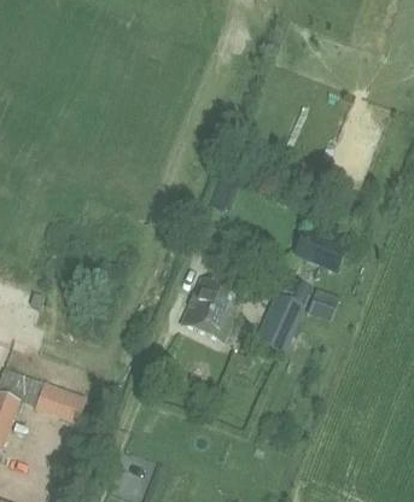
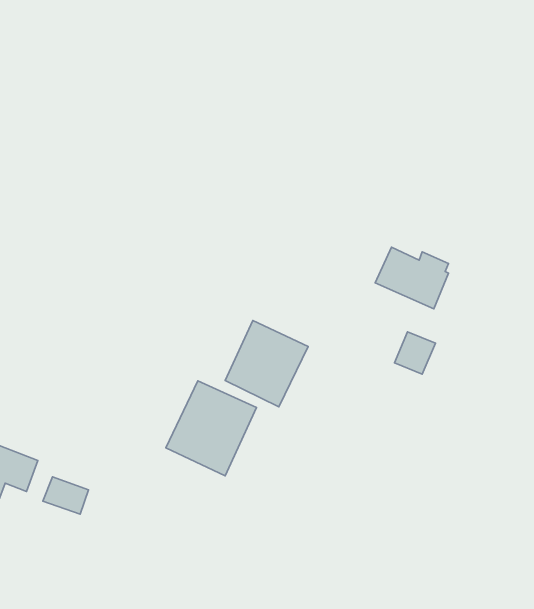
building: [253,288,305,352] -> none
building: none -> [166,381,256,476]

